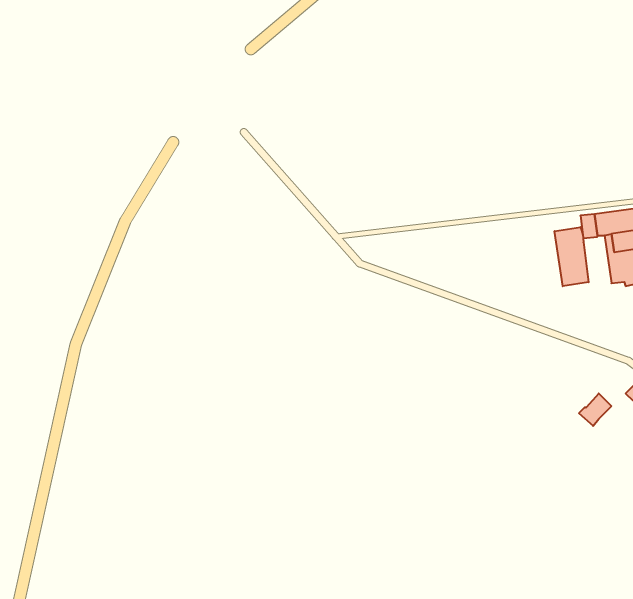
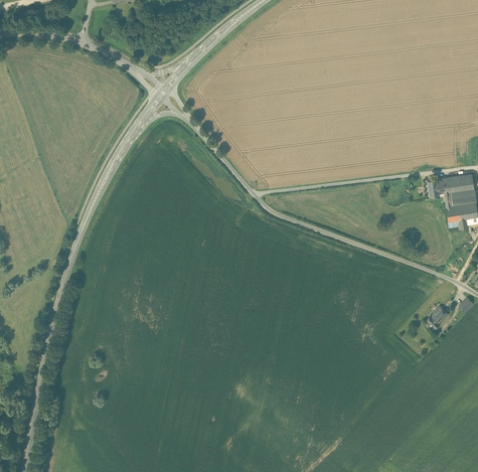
building: [555,227,589,286] -> none

